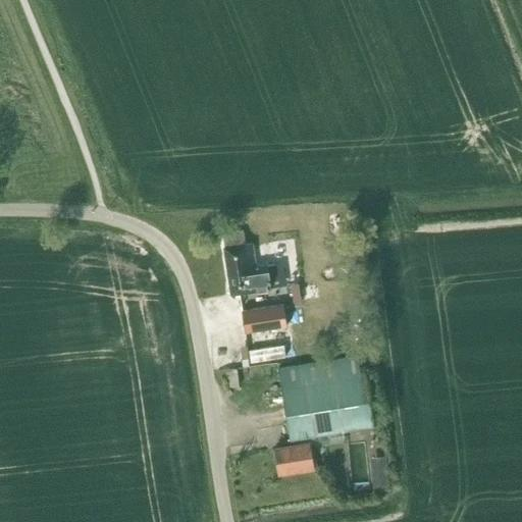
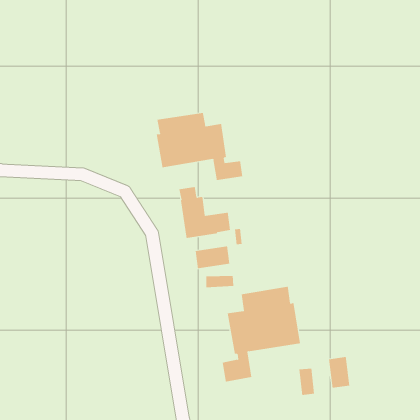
building: none -> [156,112,243,181]
building: none -> [328,356,350,389]

